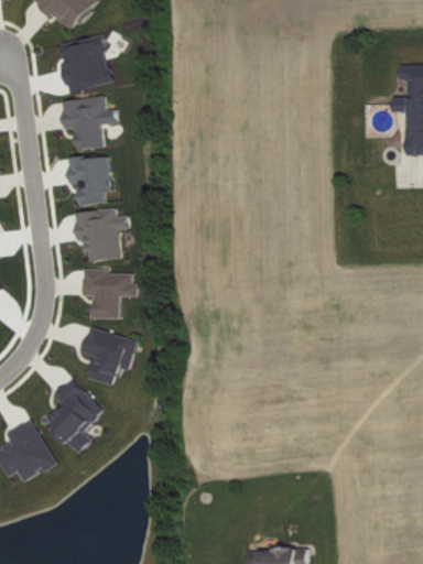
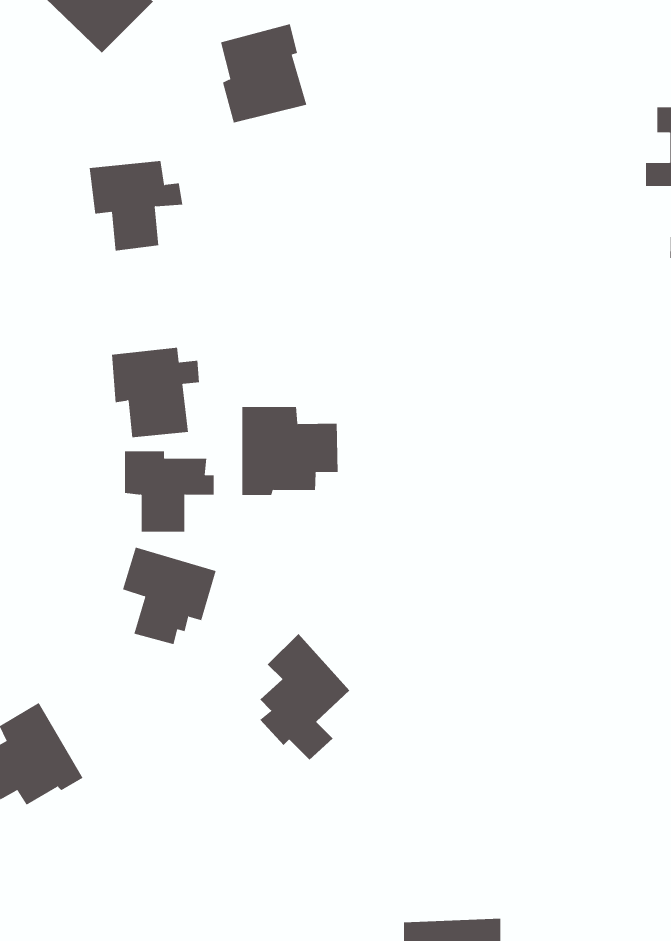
building: [61,33,112,93] -> [220,24,307,123]
building: [66,154,110,205] -> none
building: none -> [242,406,338,496]
building: [48,377,102,453] -> [260,633,350,761]

